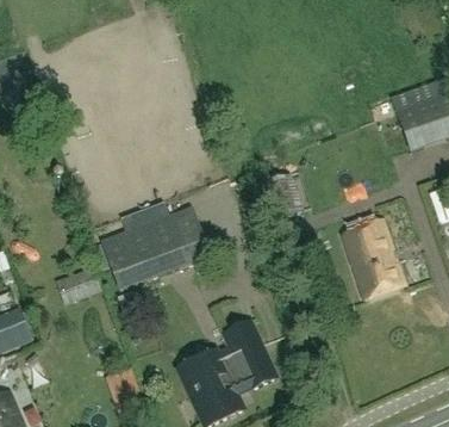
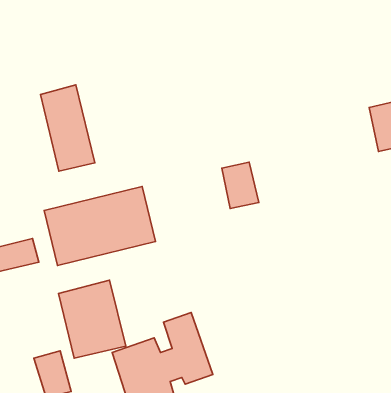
building: none -> [40,85,95,171]
building: [342,216,404,296] -> none
building: none -> [59,280,126,358]

